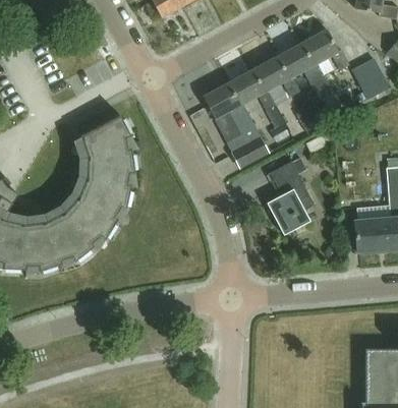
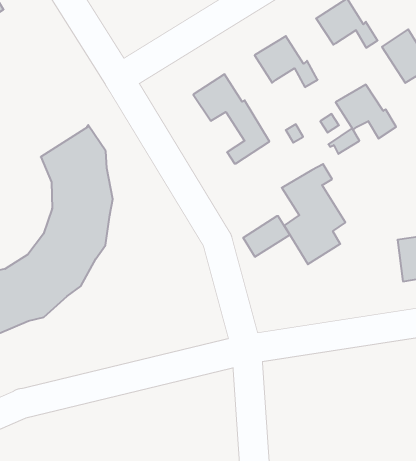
building: [278,43,324,85] -> [336,85,396,139]
building: [228,68,275,109] -> none
building: [232,136,269,167] -> [243,216,290,257]

